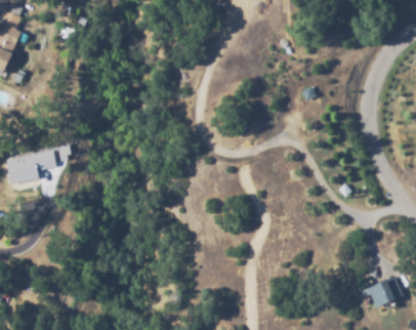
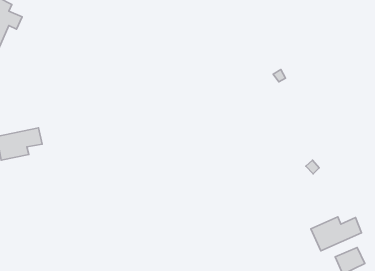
building: none -> [311,217,362,251]

